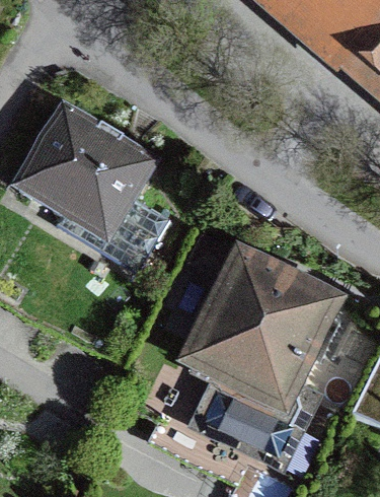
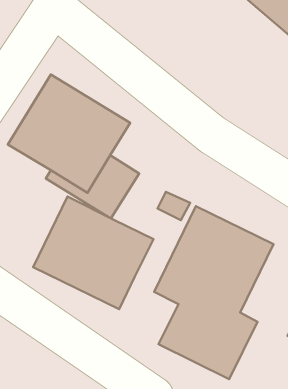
building: none -> [33,197,154,309]

